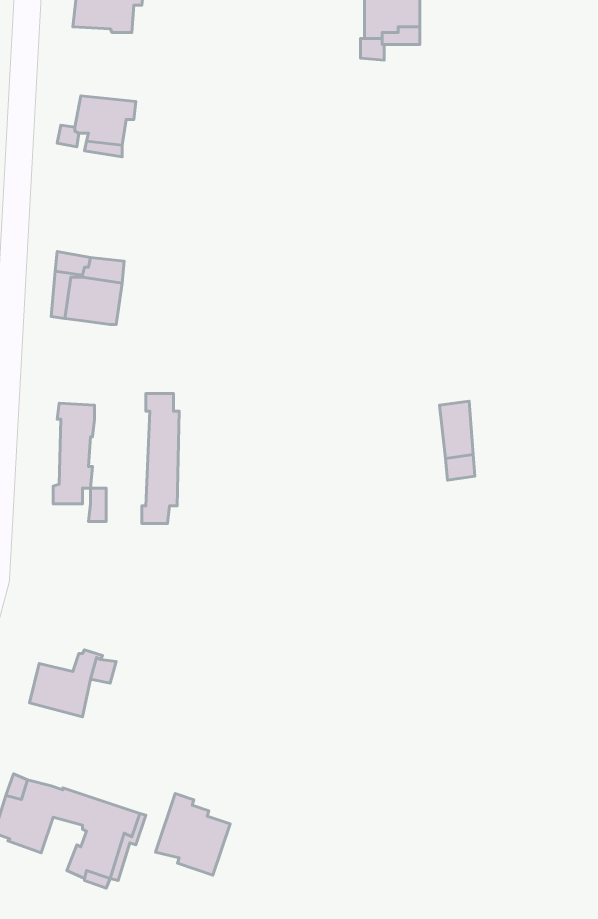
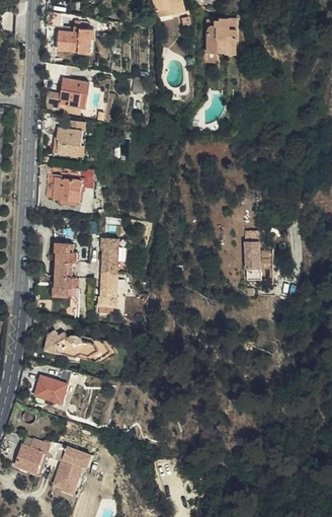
building: none -> [58,122,88,157]
building: none -> [46,333,117,365]
building: [156,794,230,875] -> none

